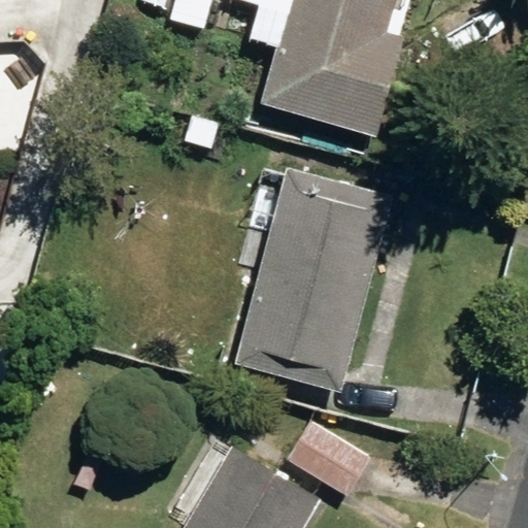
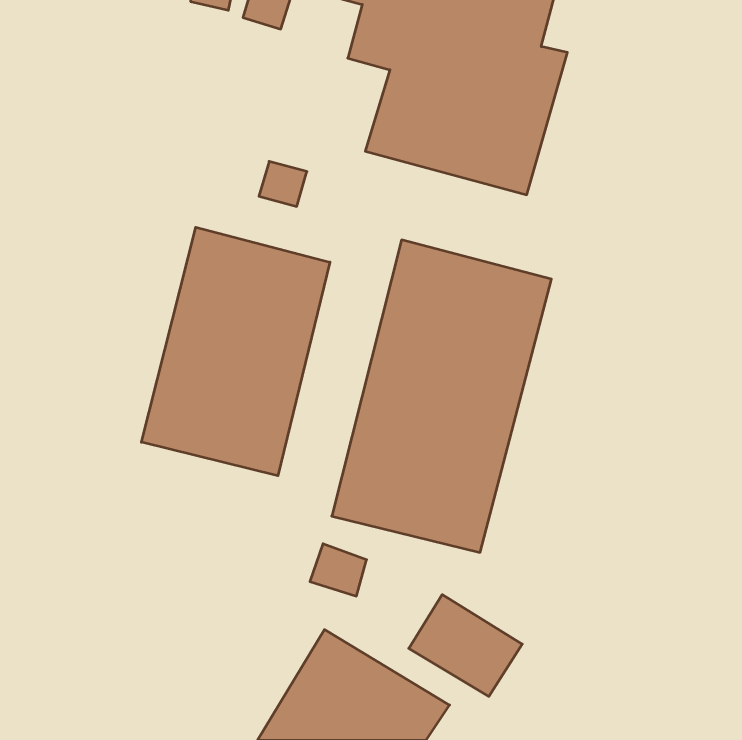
building: none -> [141,227,330,476]

